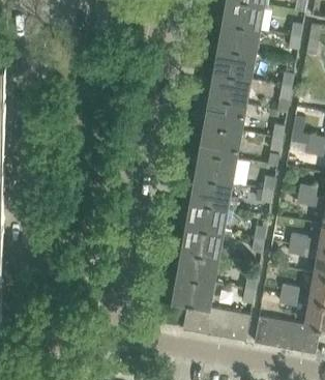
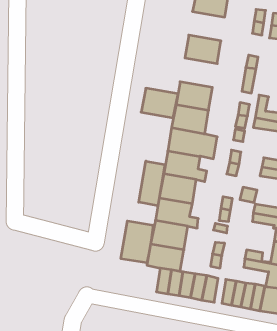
building: [217,26,257,58] -> none
building: [208,77,248,109] -> [141,88,178,118]
building: none -> [139,161,165,206]
building: none -> [121,221,153,263]

